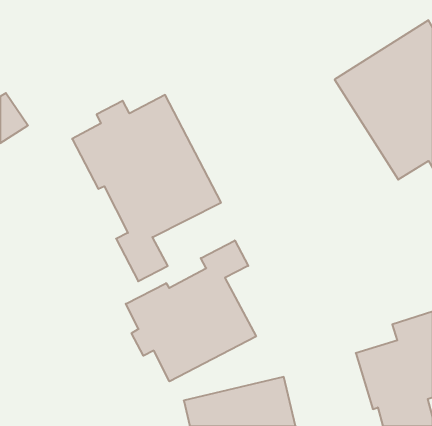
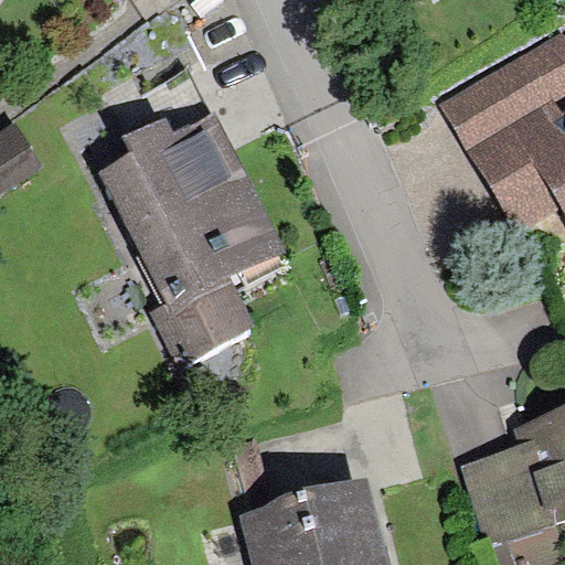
building: [126,240,256,381] -> none

